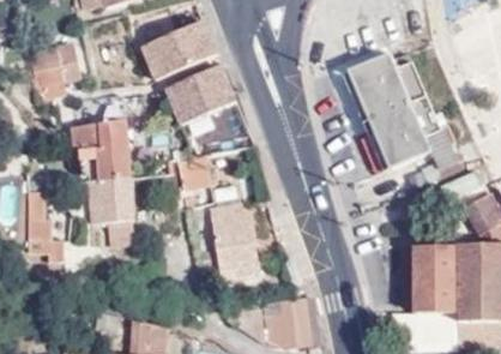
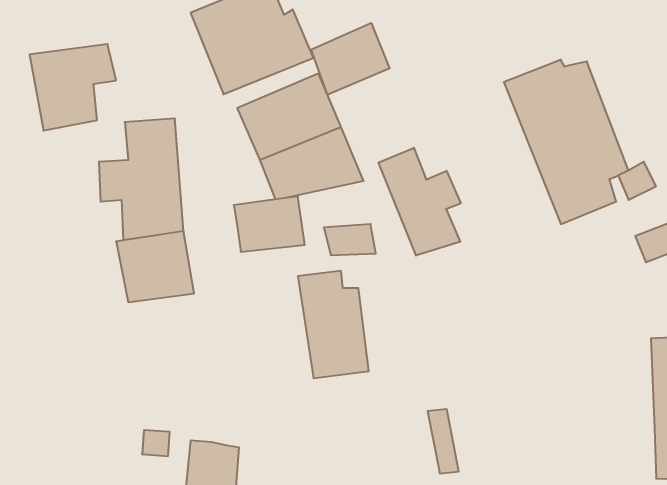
building: none -> [311,23,390,95]
building: none -> [379,148,461,256]
building: [24,194,52,240] -> none
building: [411,250,454,312] -> none
building: [265,300,306,343] -> none

